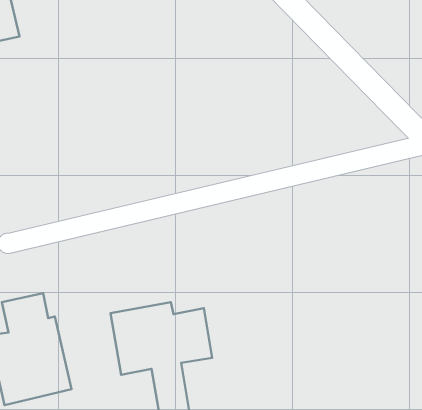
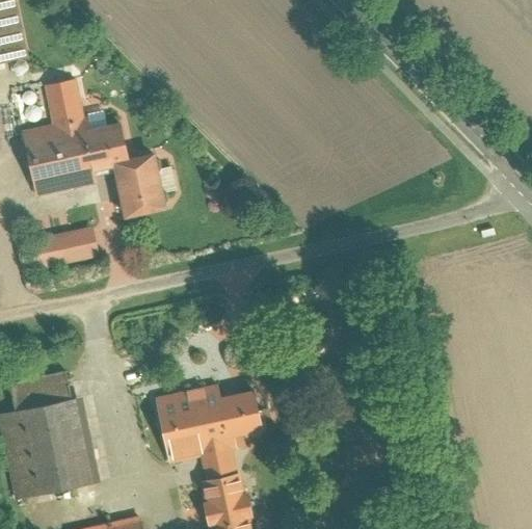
building: none -> [24,75,168,219]
building: none -> [46,222,96,263]

